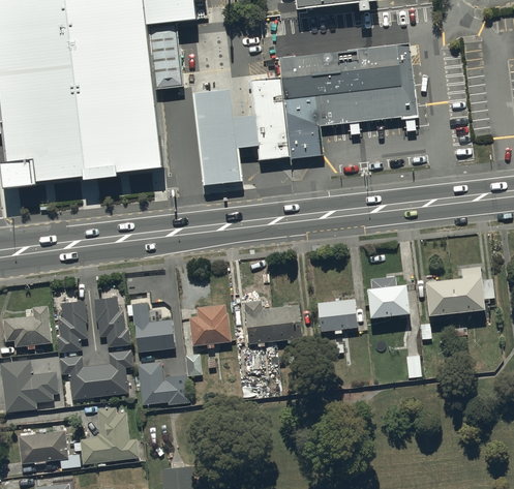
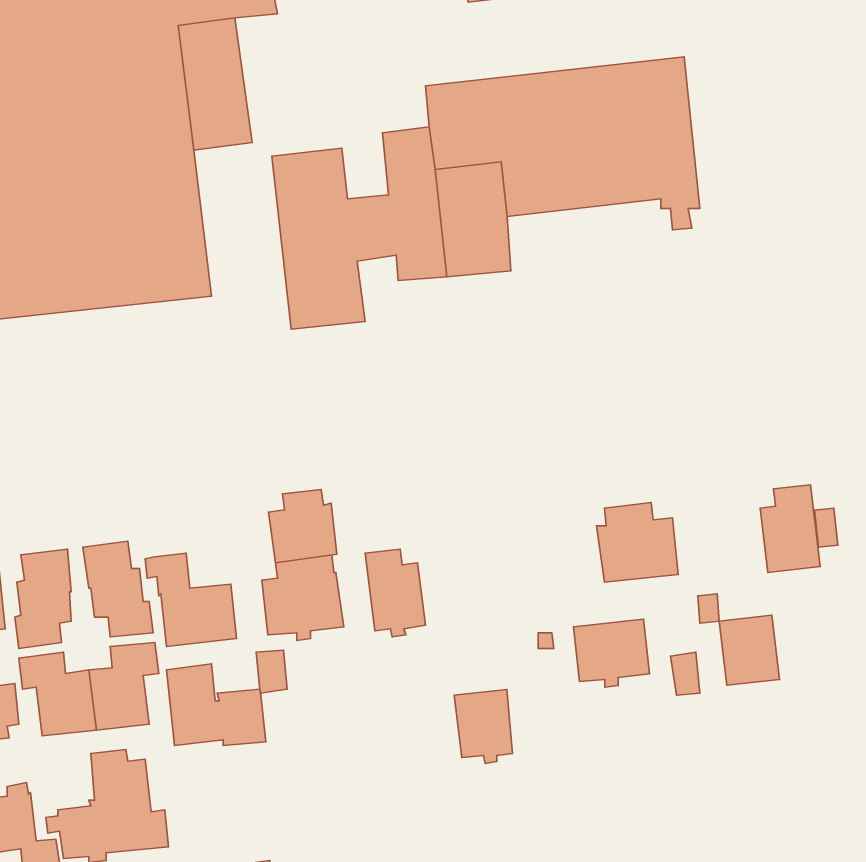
building: none -> [268,489,337,563]
building: [425,279,457,316] -> [719,615,779,685]
building: [318,299,358,335] -> [574,619,649,687]
building: [271,305,302,344] -> [454,689,513,763]

